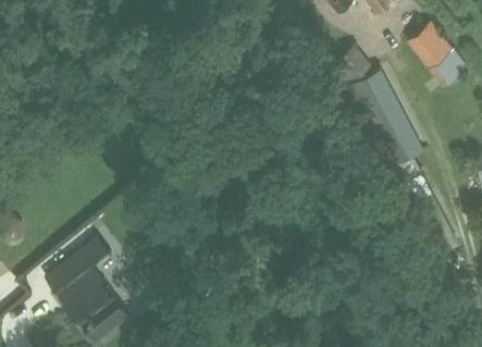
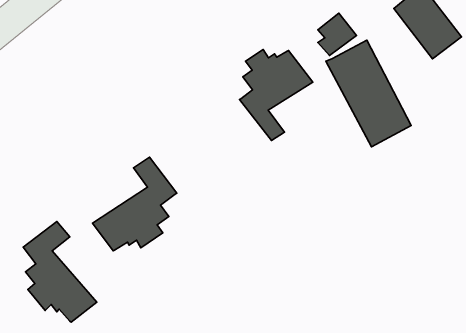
building: none -> [240,49,313,141]
building: none -> [93,157,177,251]

